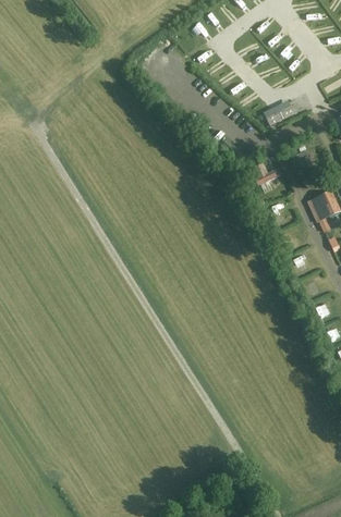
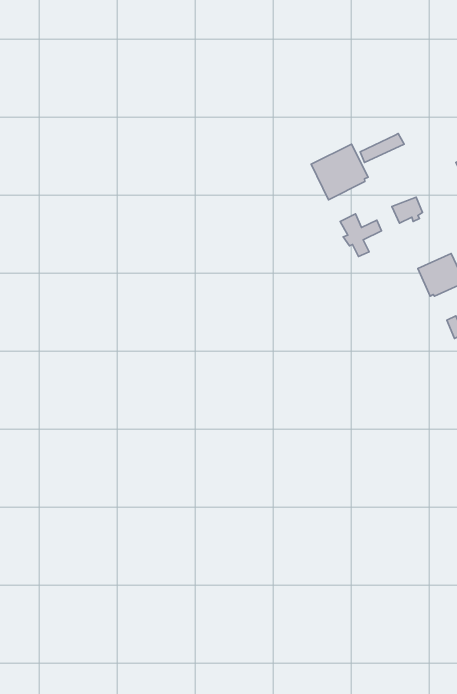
building: none -> [311,144,368,200]

